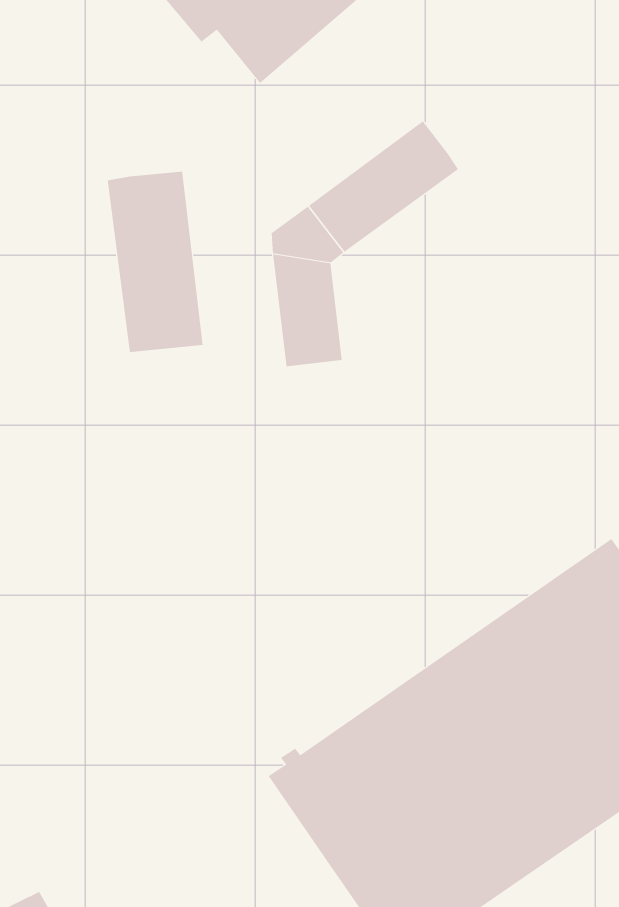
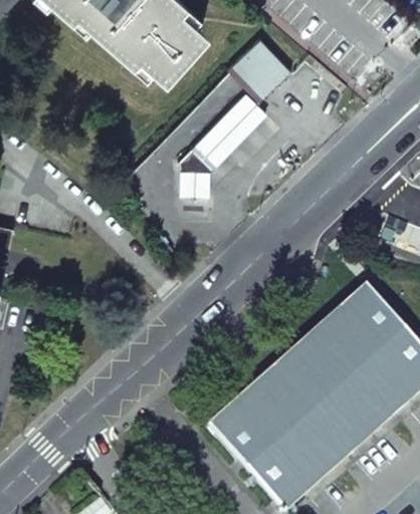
building: none -> [226,38,290,101]
building: [107,171,203,353] -> none

